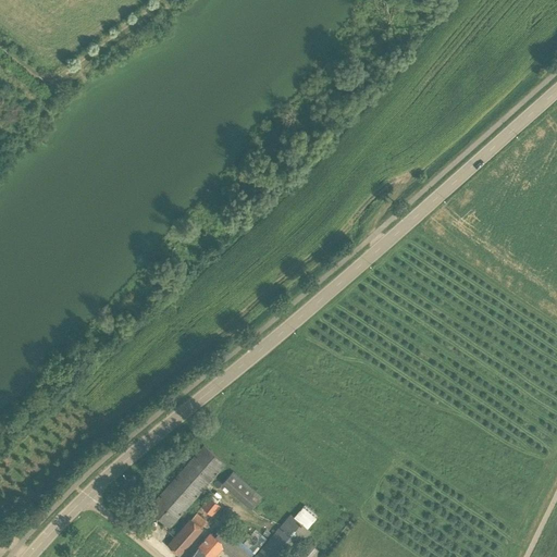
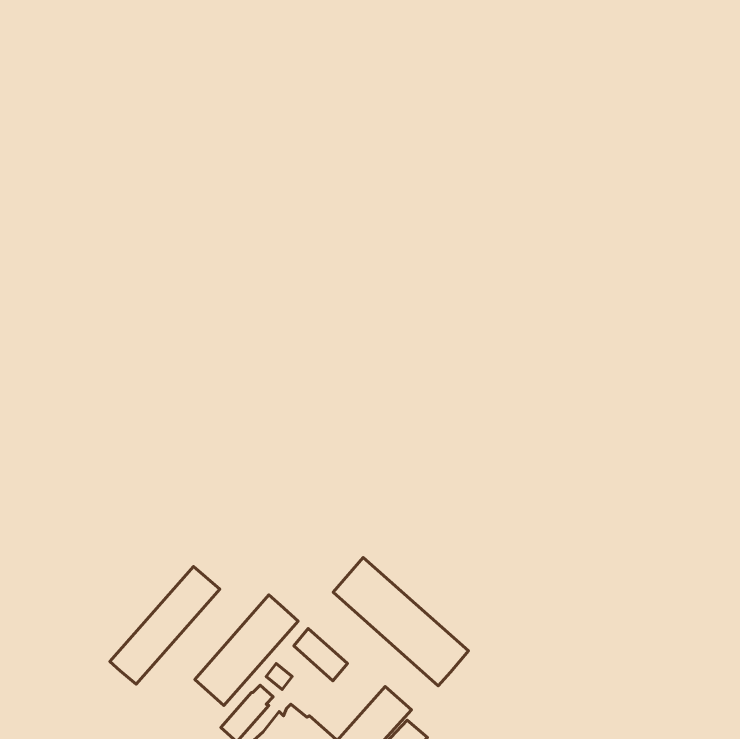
building: none -> [333,557,469,686]
building: none -> [110,566,220,684]

